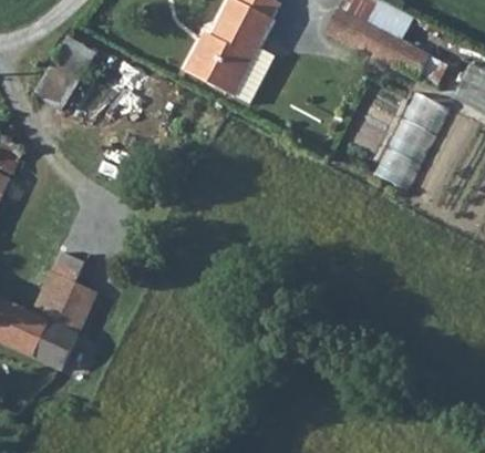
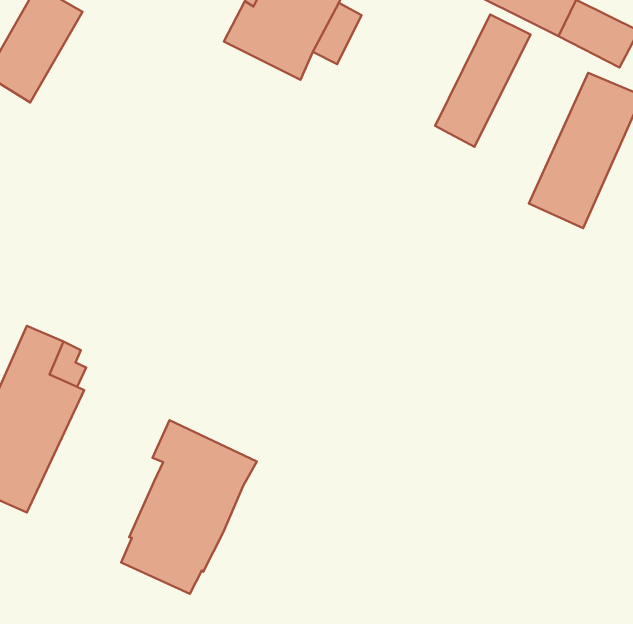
building: none -> [435,14,531,147]
building: none -> [121,420,257,594]

